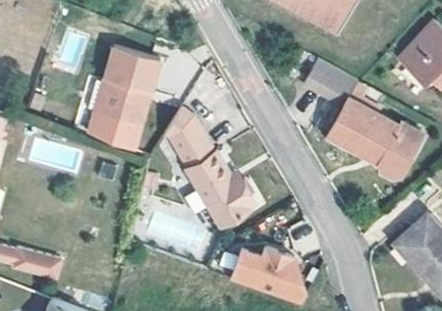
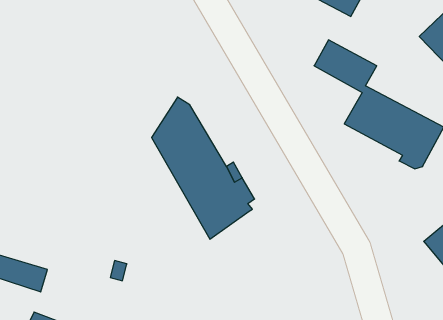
building: [92,49,161,154] -> none
building: [227,249,305,304] -> none

